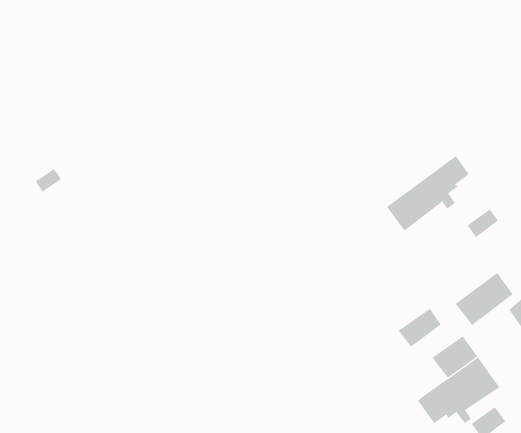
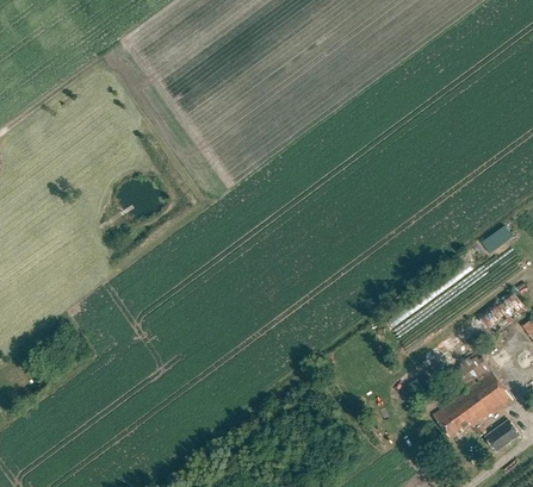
building: [386,155,470,231] -> none
building: [398,308,442,348] -> none

